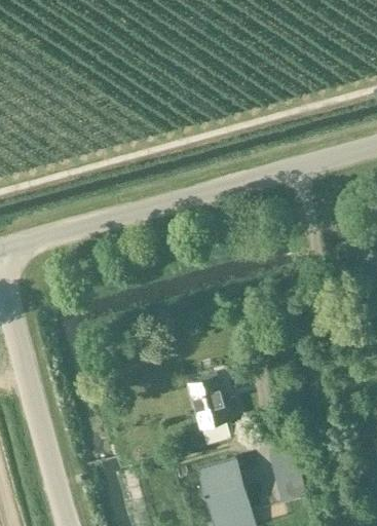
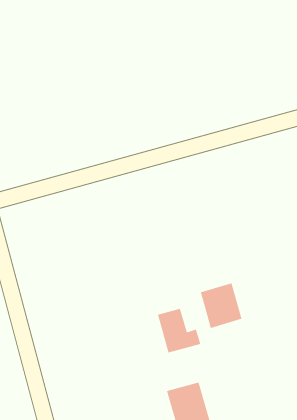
building: none -> [200,282,242,329]

